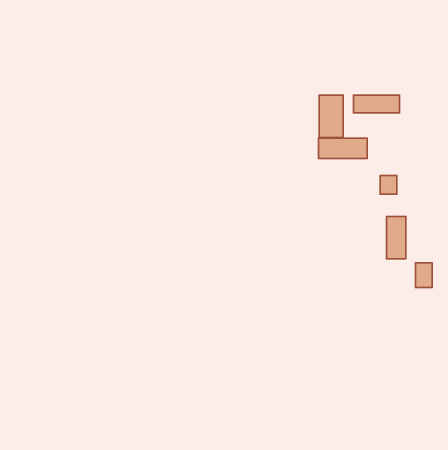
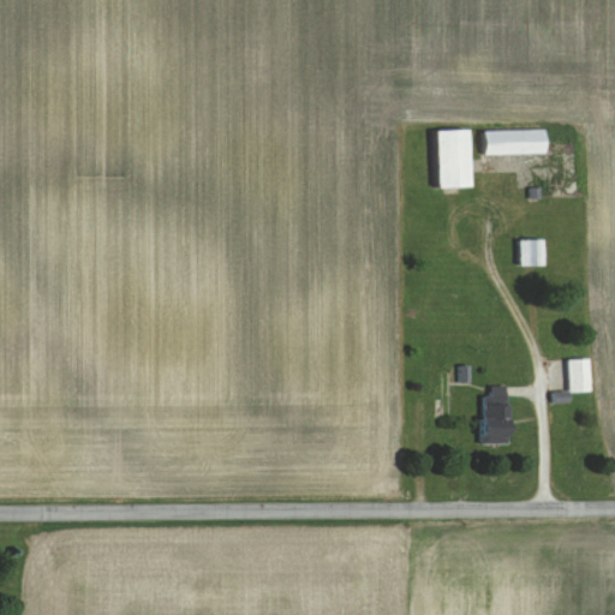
building: [319,138,367,159] -> none
building: [386,216,406,259] -> [484,384,510,442]

